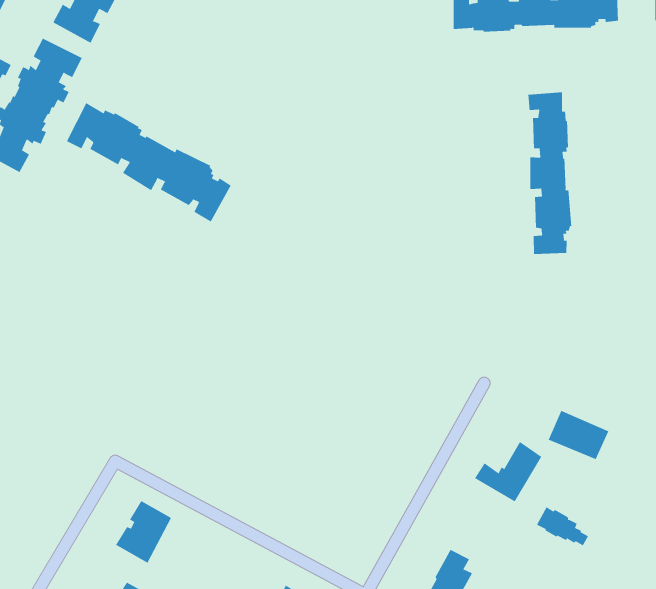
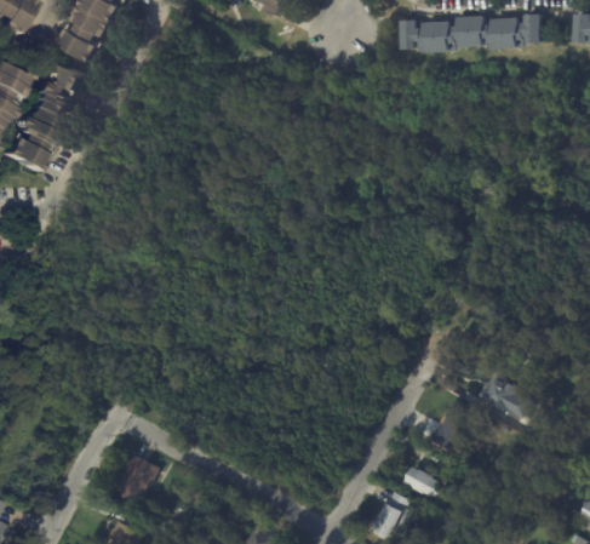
building: [528,92,572,255] -> none
building: [66,102,231,222] -> none
building: [536,506,589,546] -> [406,469,451,503]

